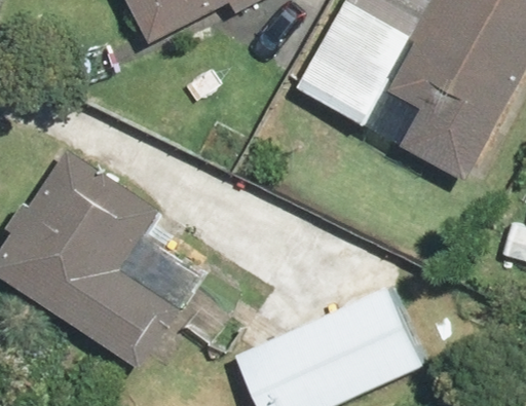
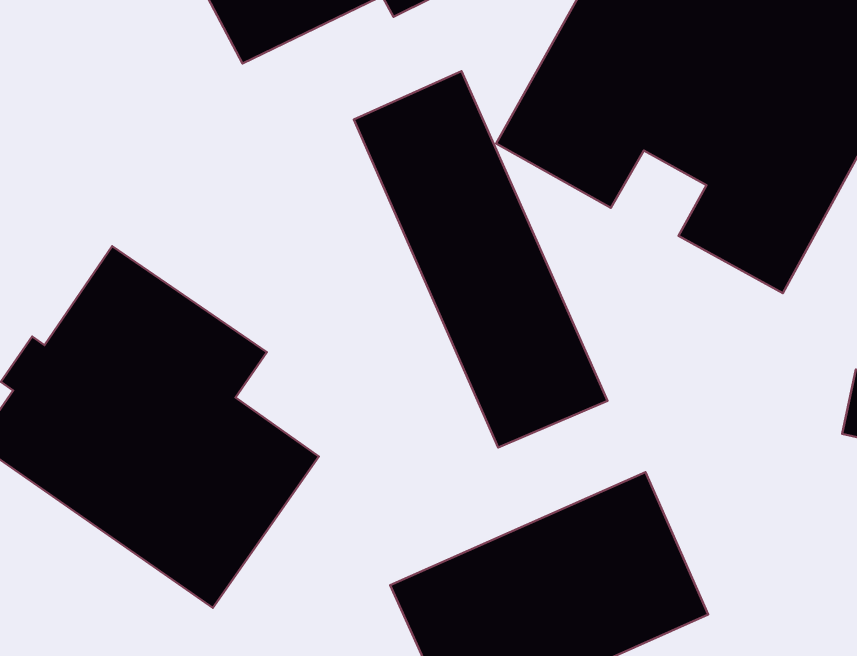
building: none -> [354,71,607,447]

